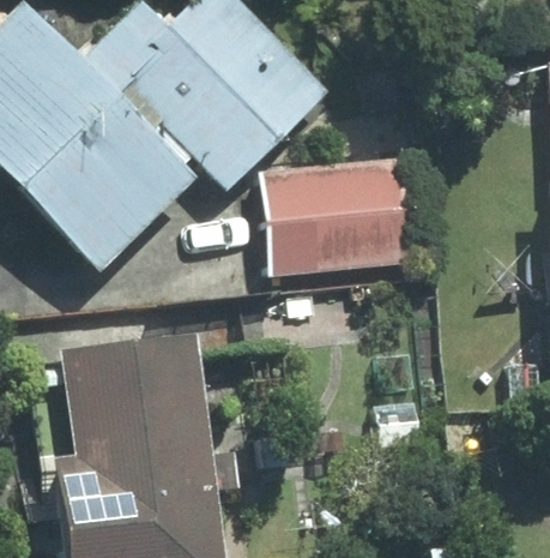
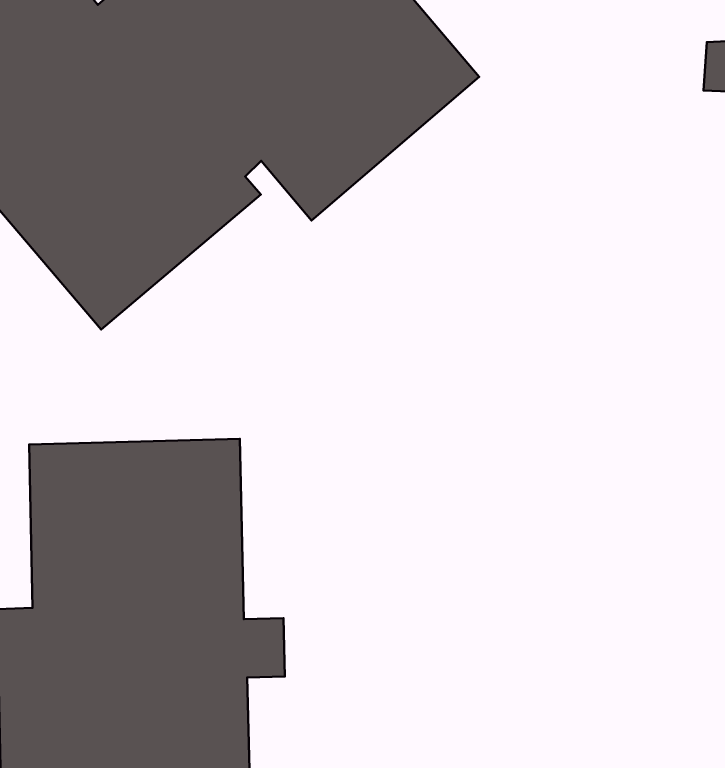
building: [262,163,416,275] -> none

